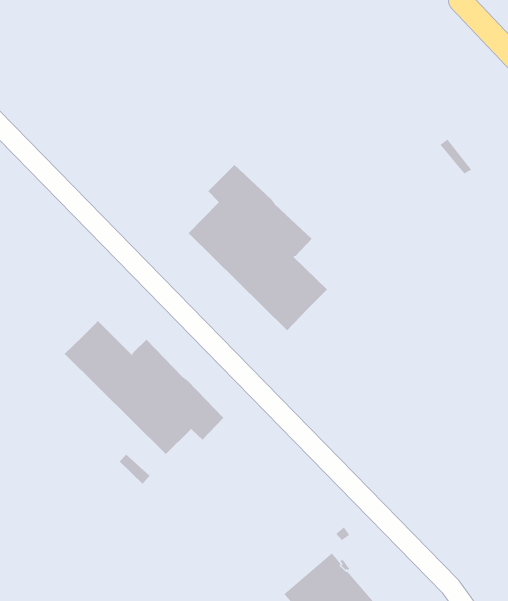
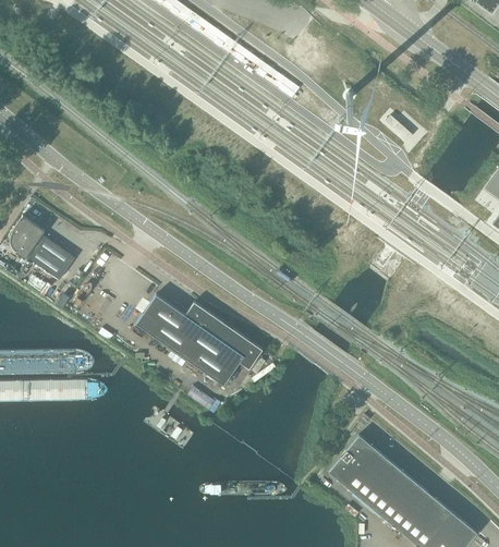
building: [188,164,328,331] -> none

